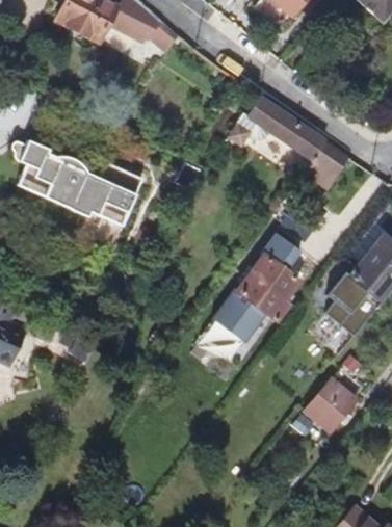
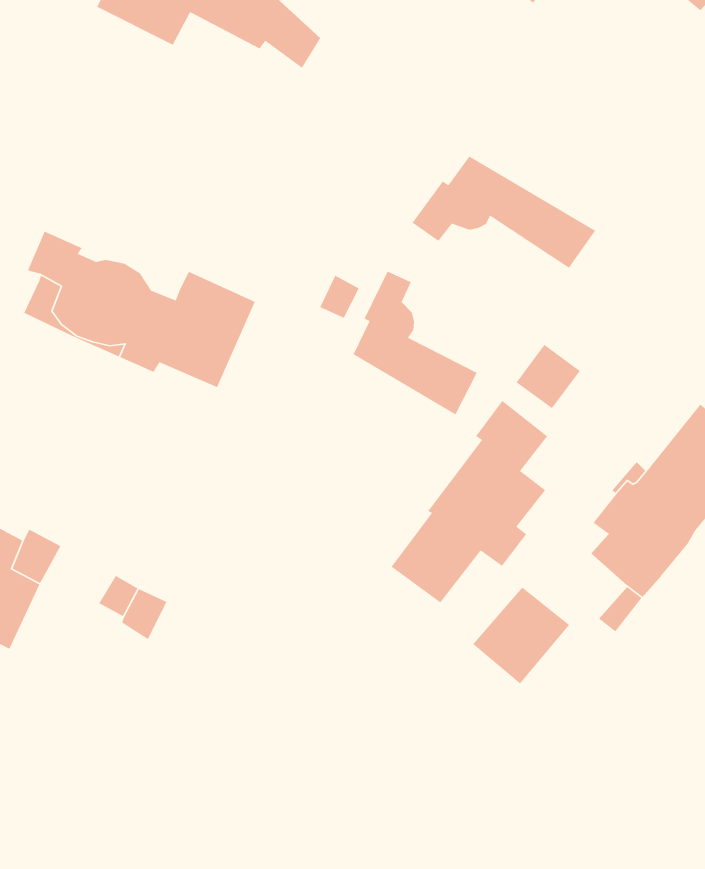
building: [304,139,350,189] -> none
building: none -> [352,271,478,416]
building: [305,378,358,431] -> [472,587,570,685]

